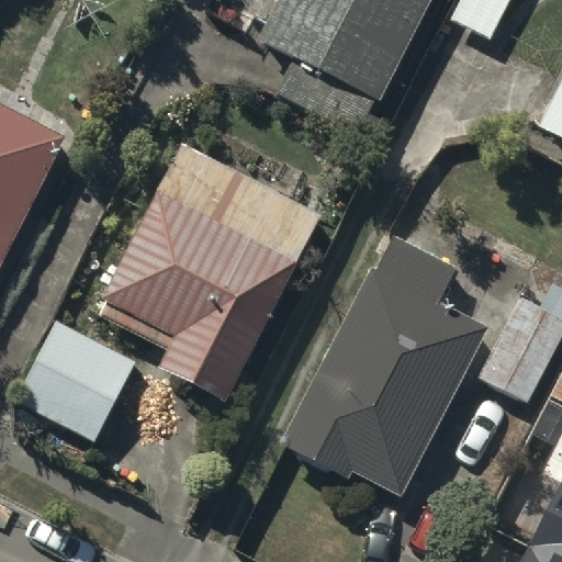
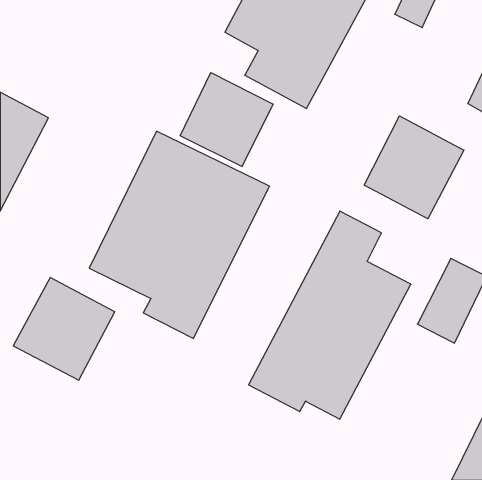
building: none -> [180,73,273,167]
building: none -> [364,116,464,219]

